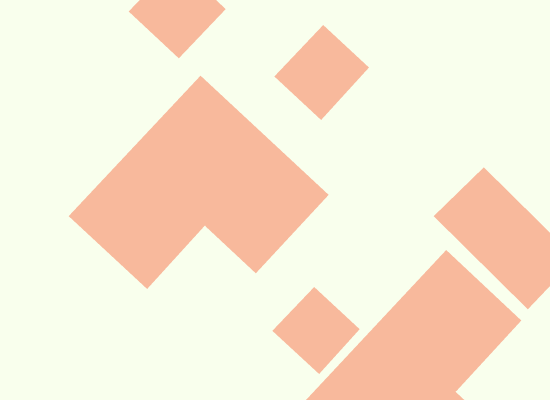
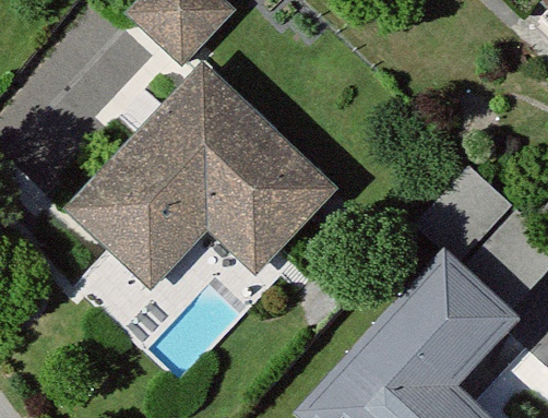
building: [273,24,370,121] -> none
building: [272,286,361,375] -> none

